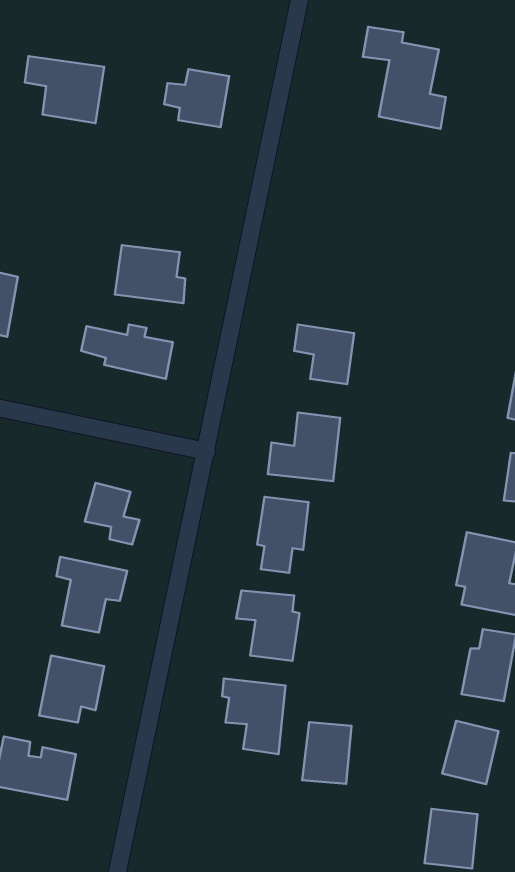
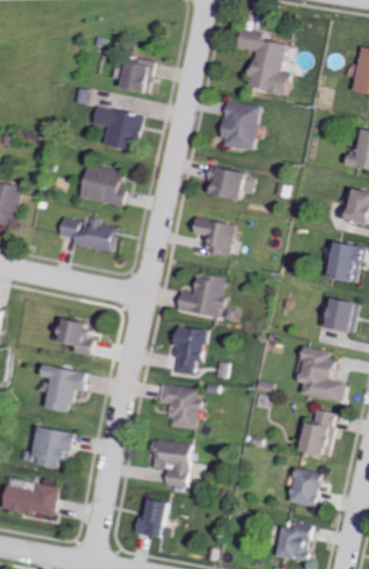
building: [25,56,104,123] -> [91,107,141,149]
building: none -> [219,101,257,149]
building: none -> [203,166,251,199]
building: [302,722,351,784] -> [133,498,164,537]

